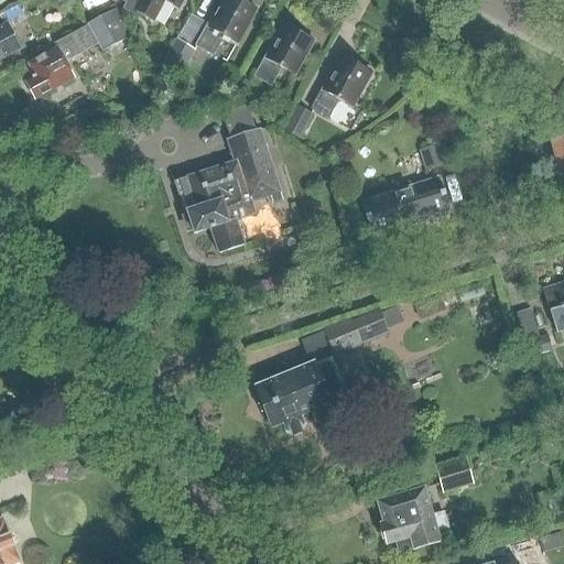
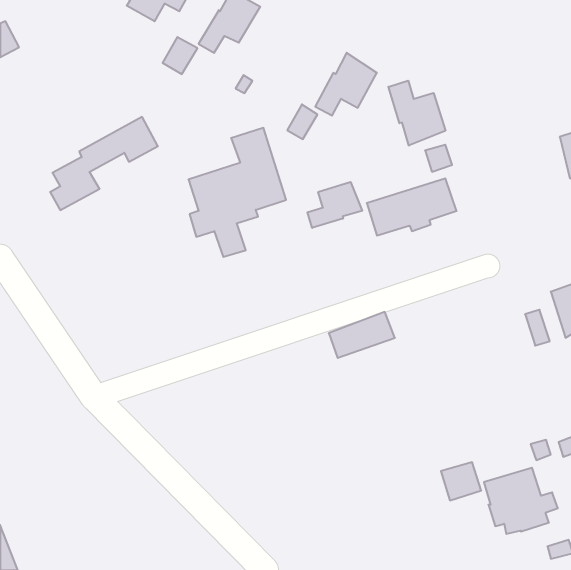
building: [26,6,132,97] -> [50,117,158,210]
building: [254,22,314,84] -> none
building: none -> [388,81,445,146]
building: none -> [307,182,362,228]
building: [256,358,346,434] -> none
building: [377,485,449,550] -> [484,468,558,534]

